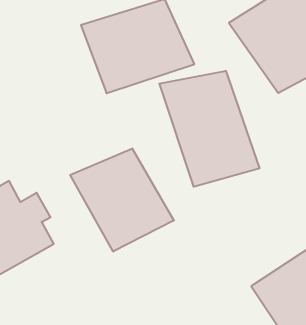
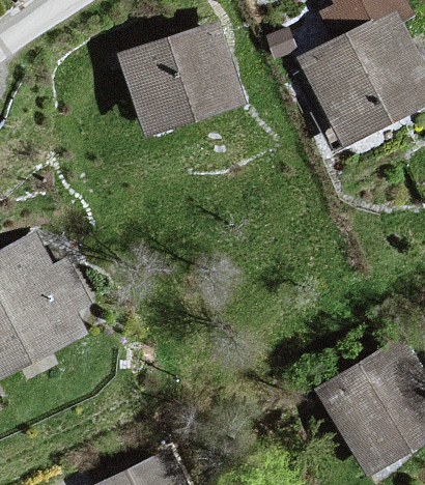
building: [159,71,260,187] -> none
building: [70,148,174,252] -> none

